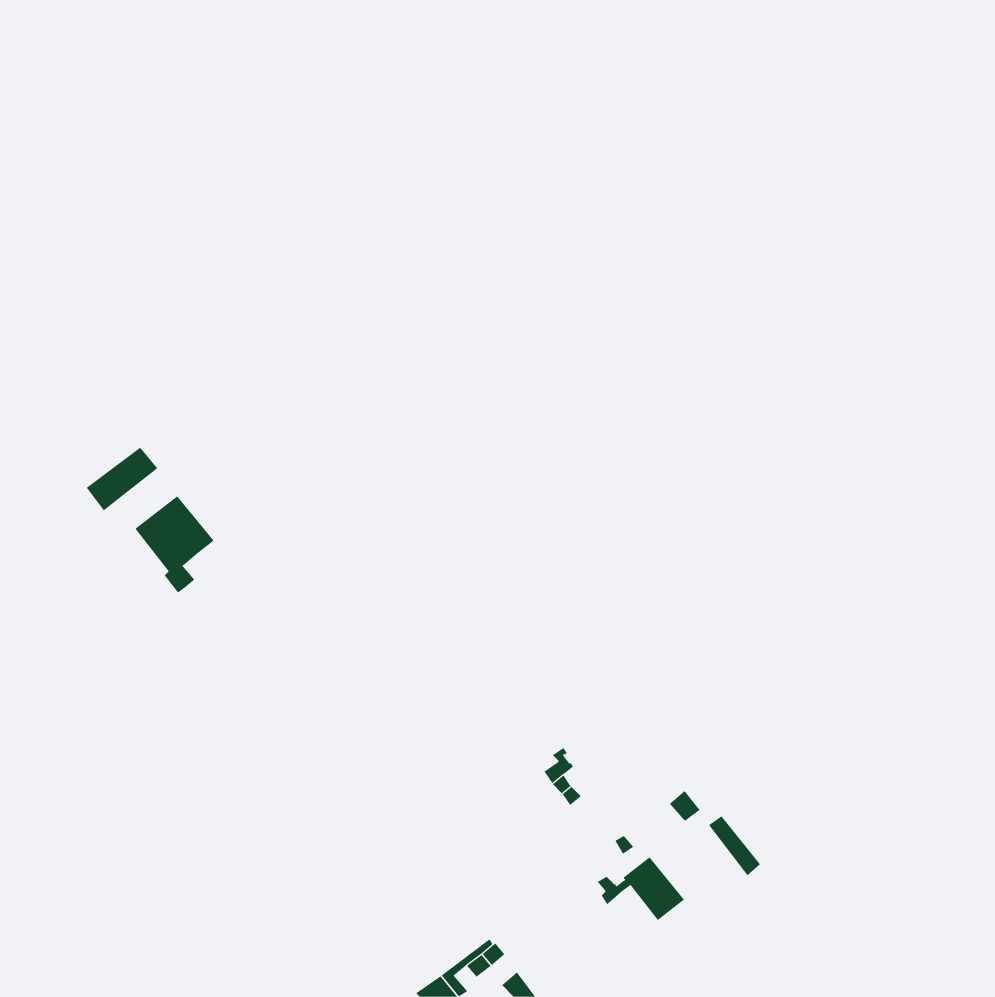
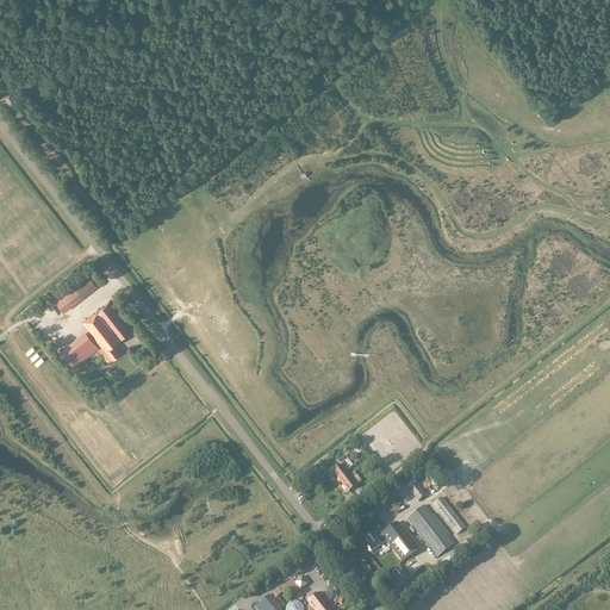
building: none -> [61,331,99,368]
building: none -> [407,506,455,559]

